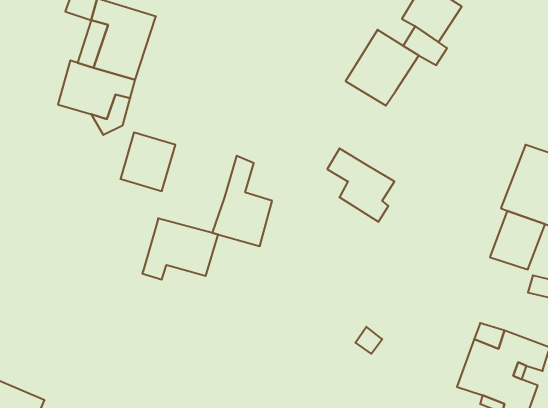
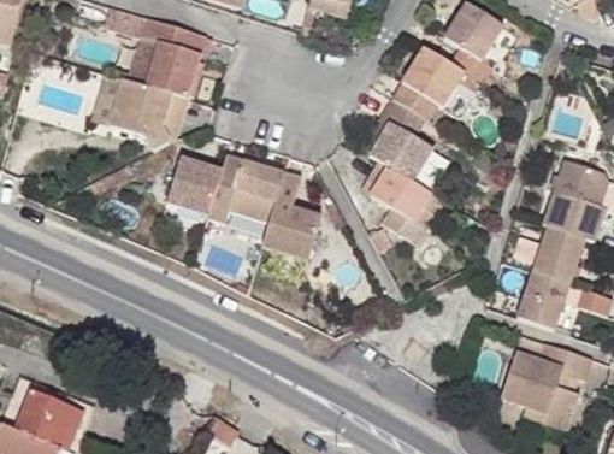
building: none -> [367,120,432,181]
building: [142,218,218,280] -> [208,155,283,216]
building: none -> [516,271,569,328]

